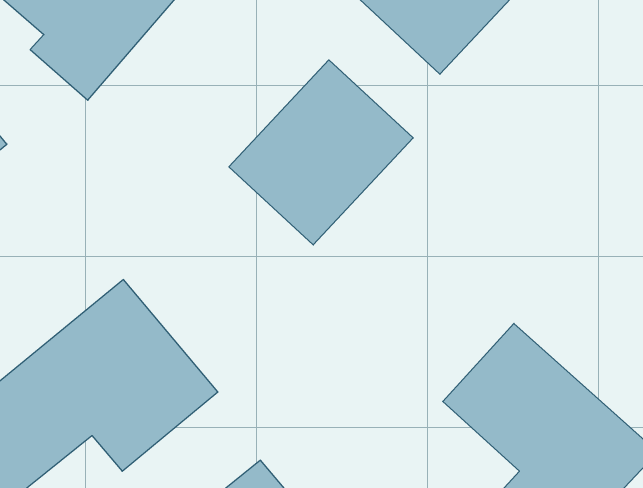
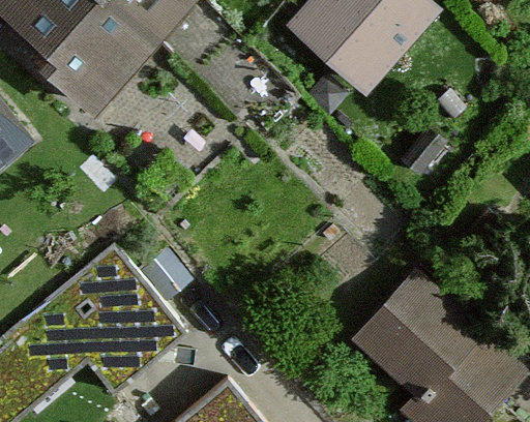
building: [229,60,413,245] -> none

